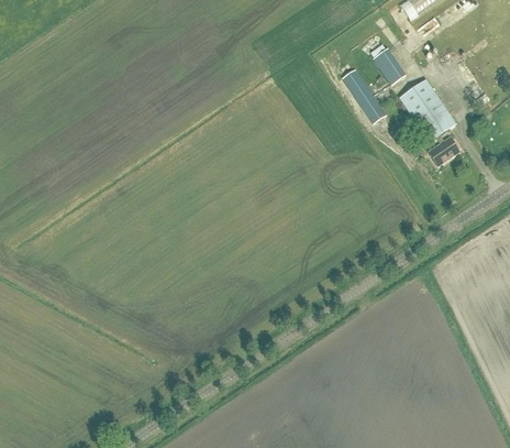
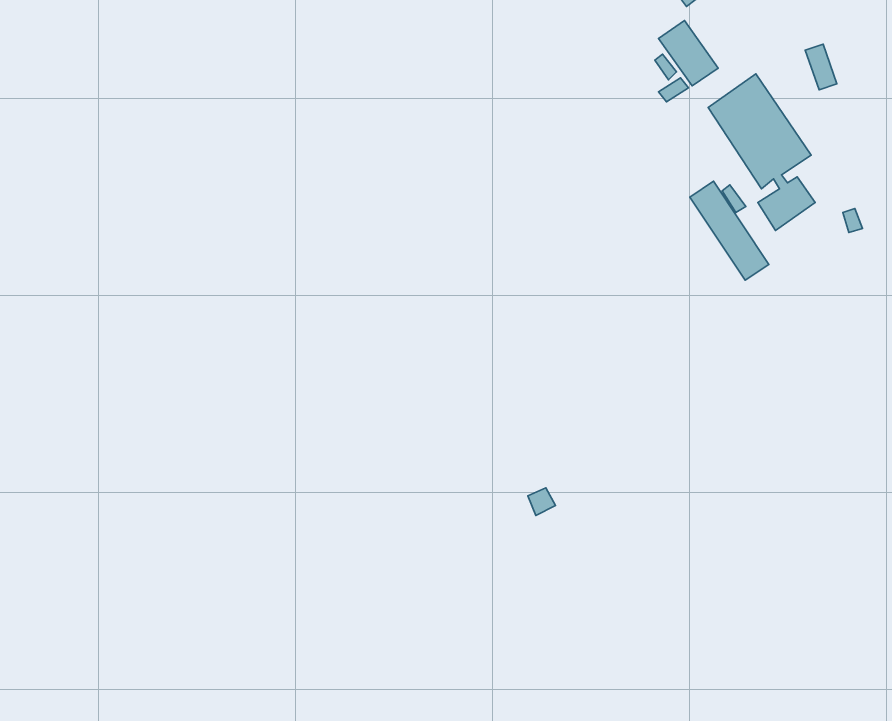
building: [341,67,385,122] -> [690,181,769,280]

